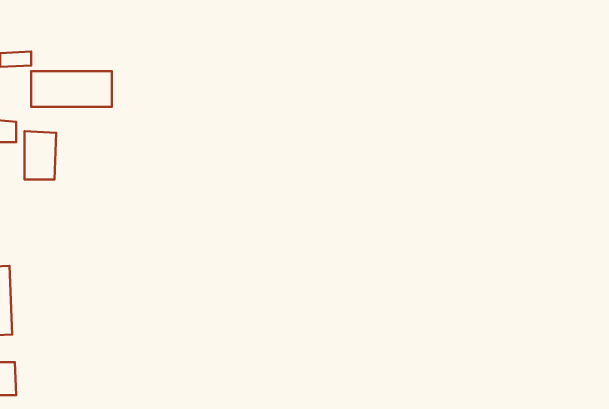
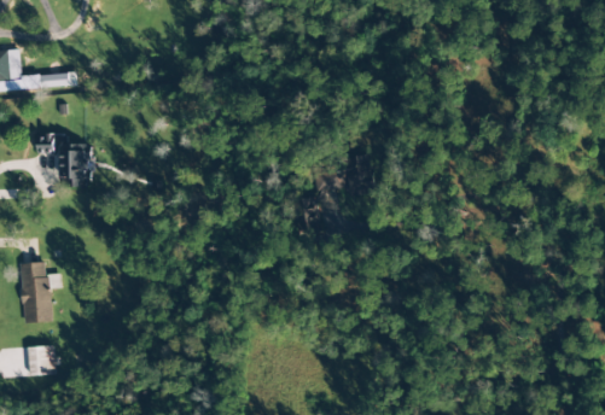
building: [31,71,112,107] -> none

